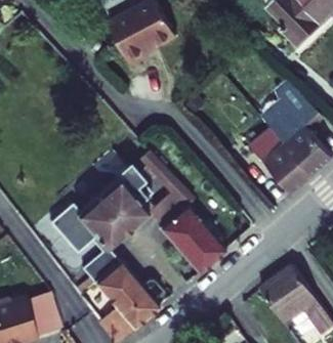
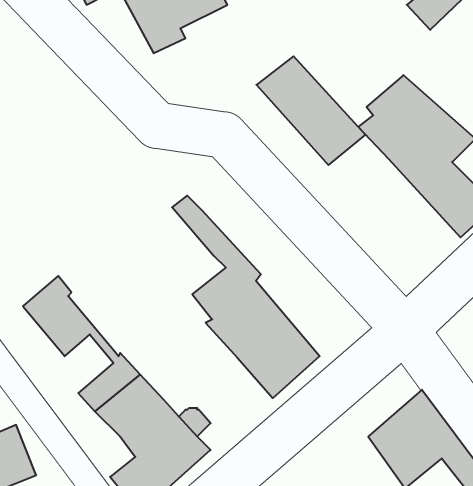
building: [248,129,315,196] -> [256,56,365,165]
building: [75,168,153,250] -> none

